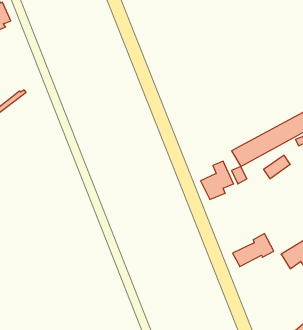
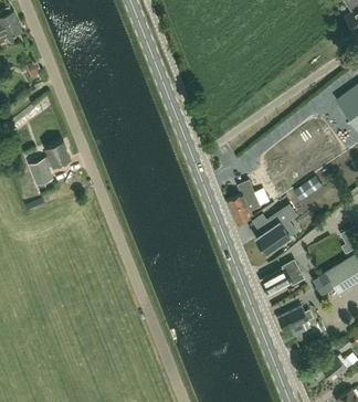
building: none -> [29,141,71,186]
building: none -> [256,204,296,253]
building: none -> [277,305,313,334]

